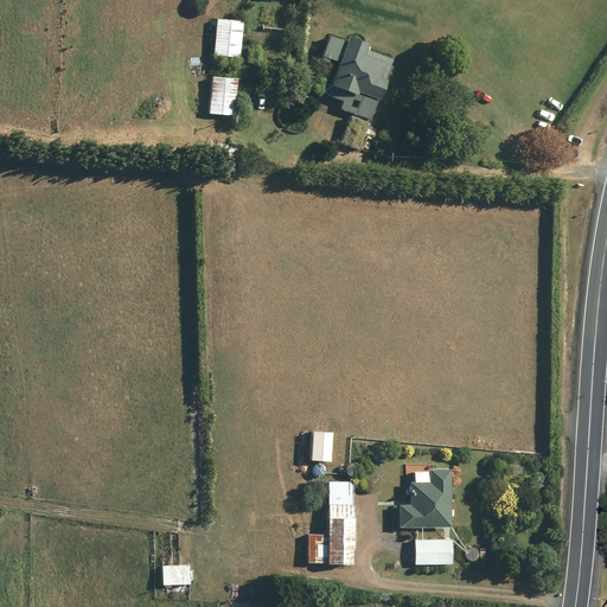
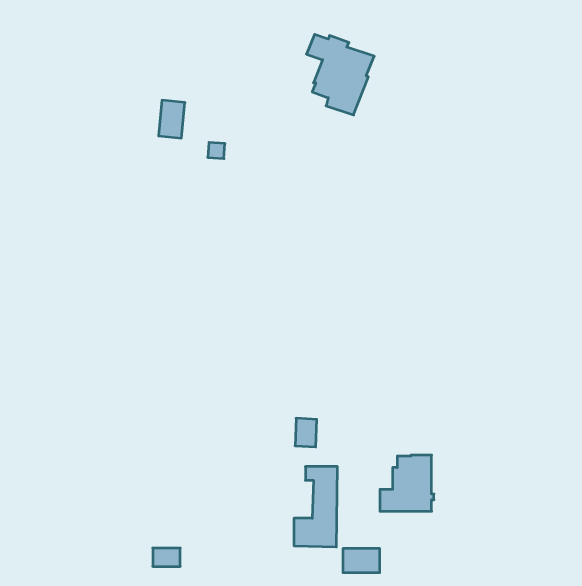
building: [213,19,243,56] -> none
building: [210,76,237,115] -> [159,100,185,138]
building: [415,539,453,564] -> [343,549,380,573]

